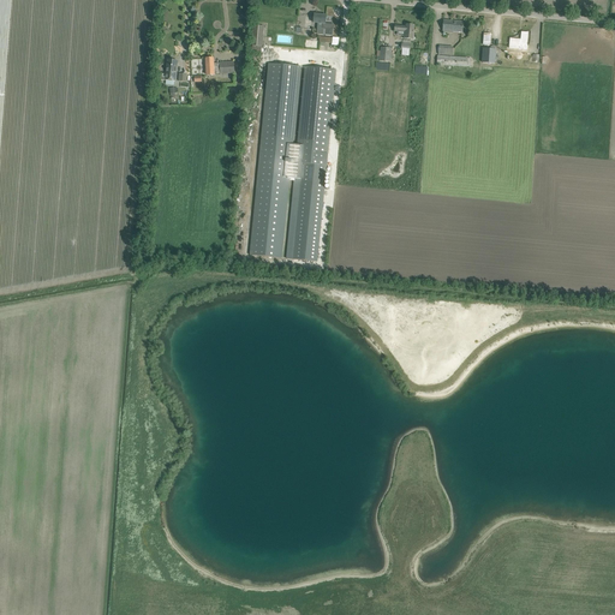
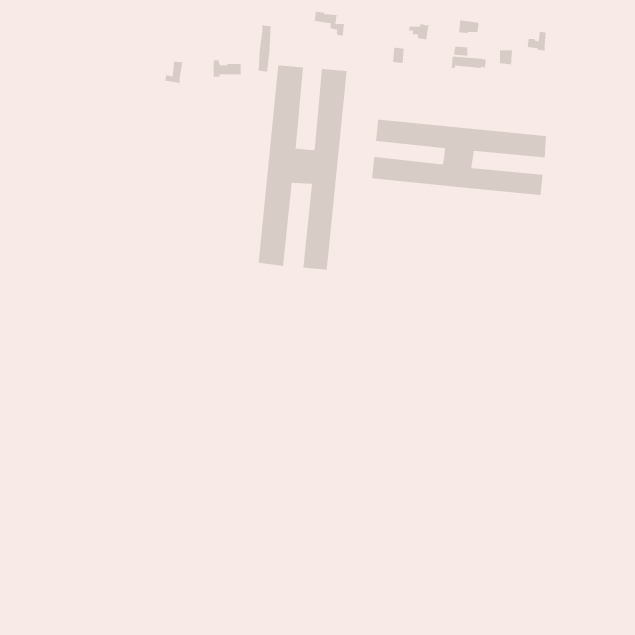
building: none -> [371,119,546,196]

